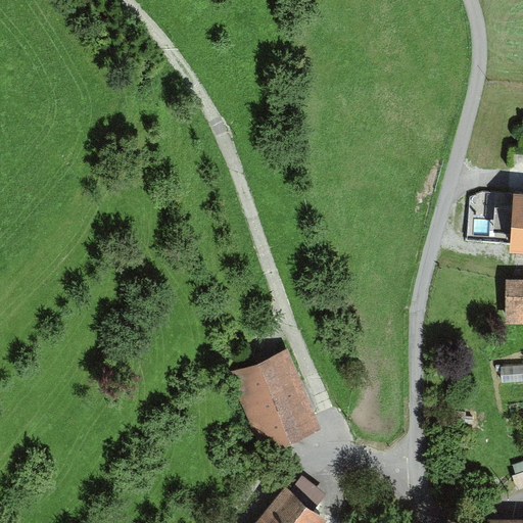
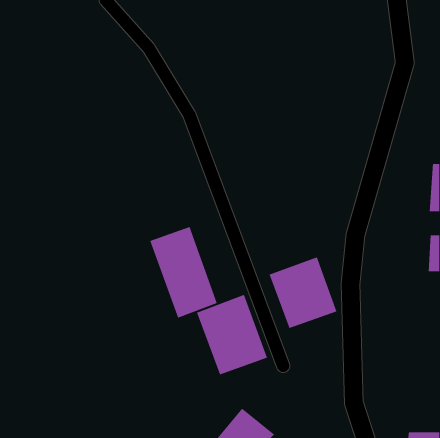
building: none -> [149,226,218,318]
building: none -> [269,256,337,329]

